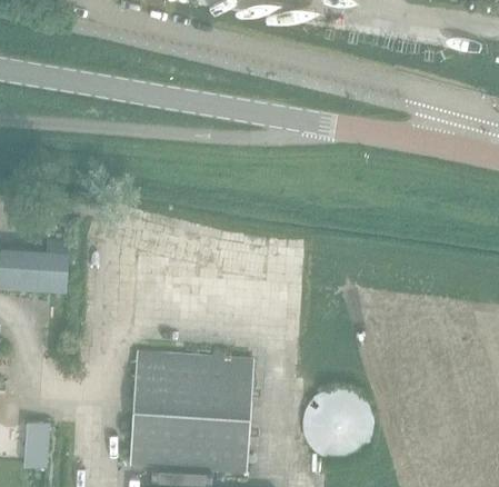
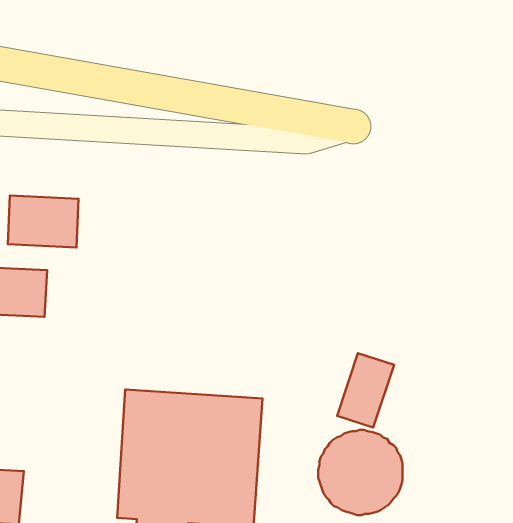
building: none -> [8,196,79,247]
building: none -> [337,353,394,428]

